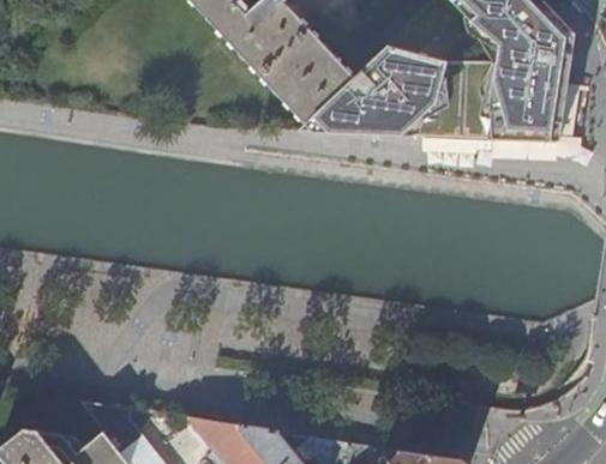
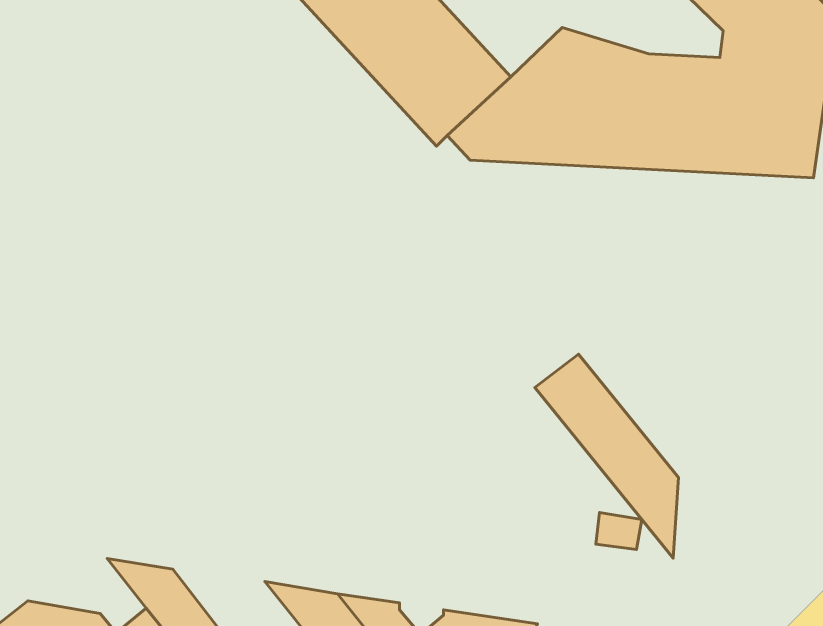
building: none -> [535,354,679,558]

